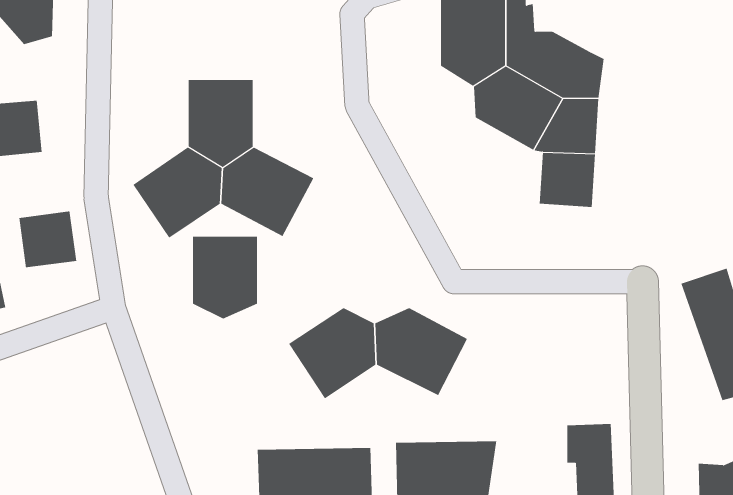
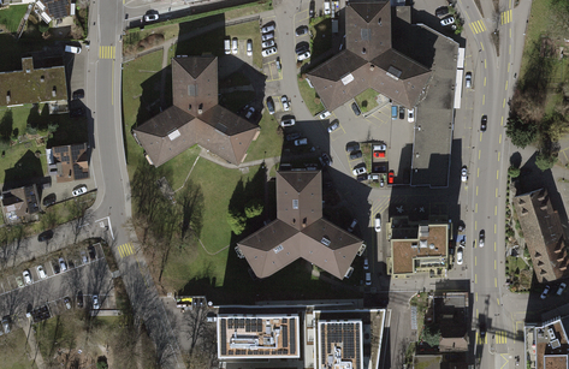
building: none -> [307,47,369,106]
building: none -> [411,143,451,186]
building: [192,236,258,319] -> [278,168,324,226]
building: none -> [390,220,446,270]

